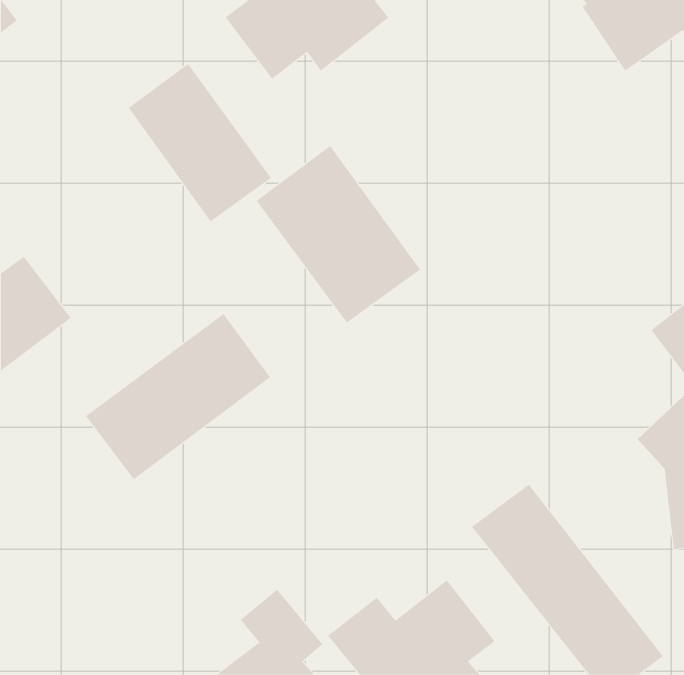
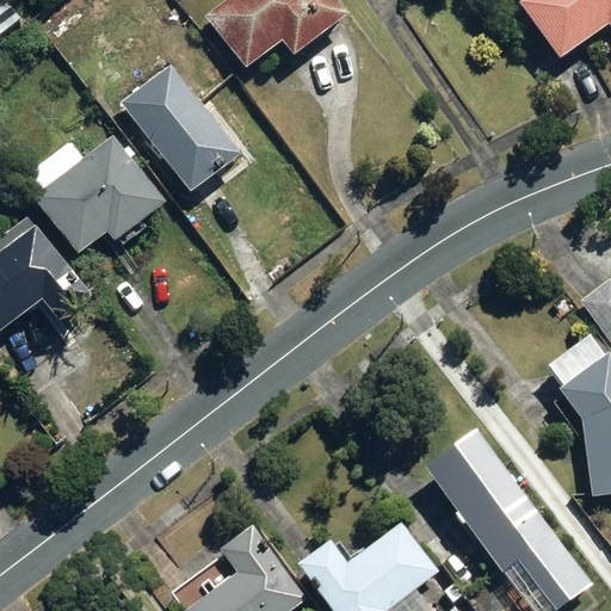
building: [256,145,421,323] -> none
building: none -> [25,137,163,257]
building: [85,313,271,480] -> none

